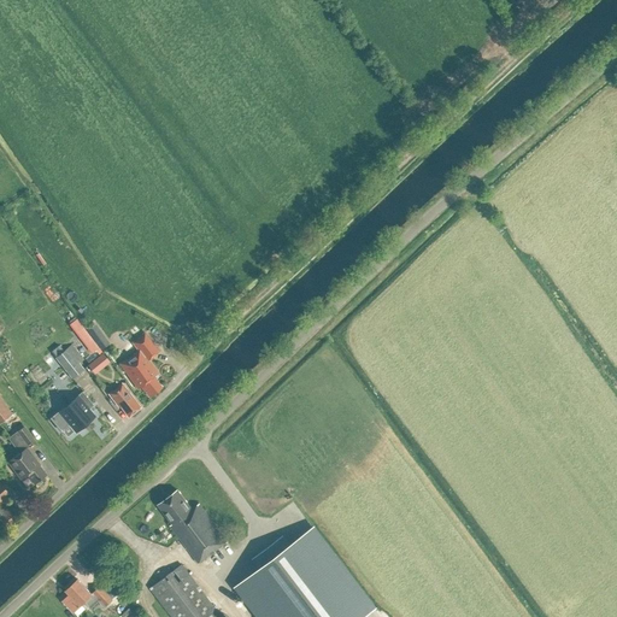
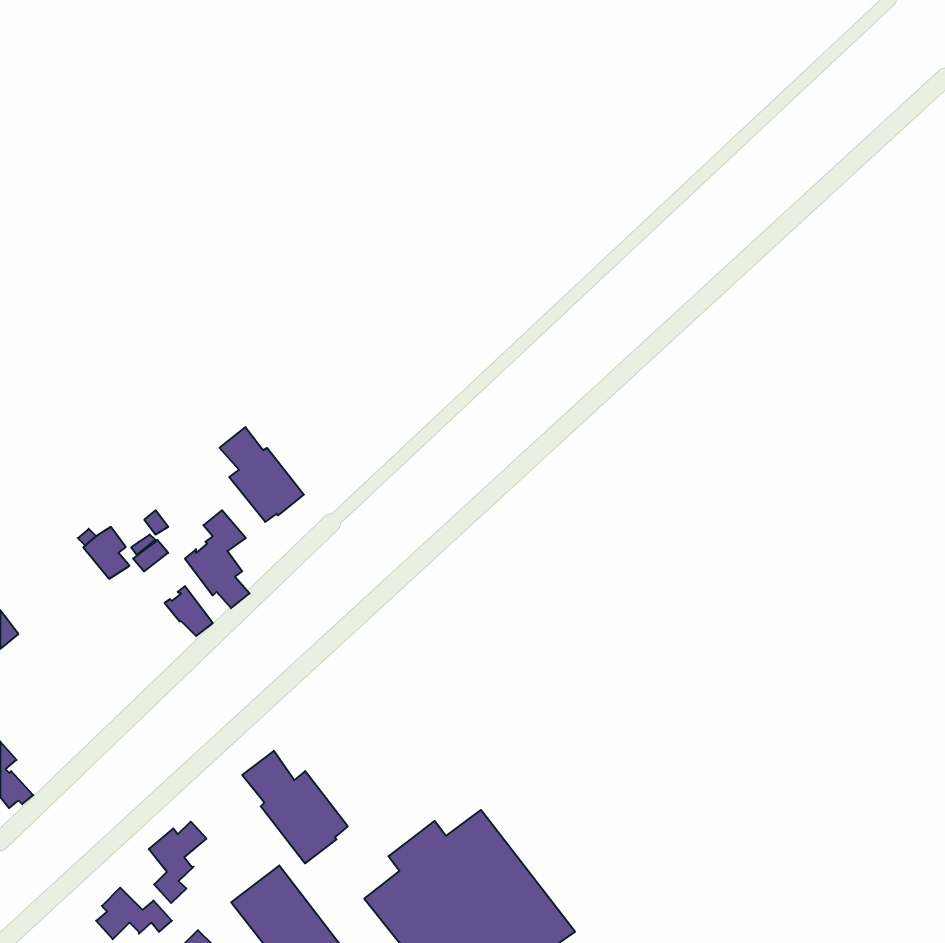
building: none -> [220,427,304,522]
building: [52,394,94,433] -> none
building: [7,427,46,484] -> none
building: none -> [149,822,206,903]

